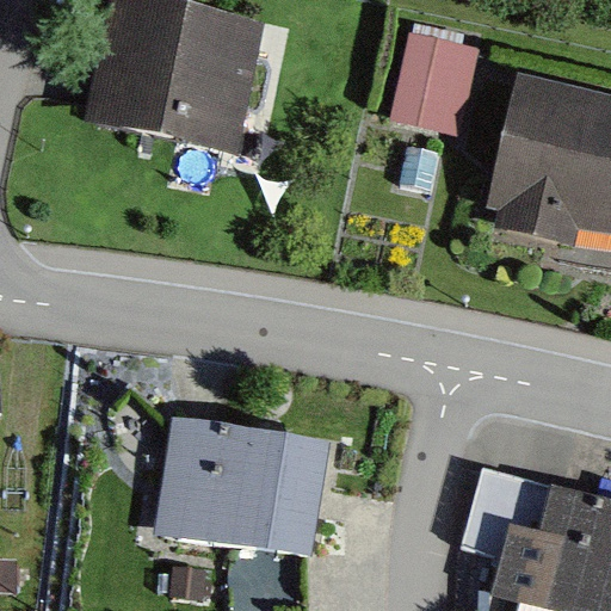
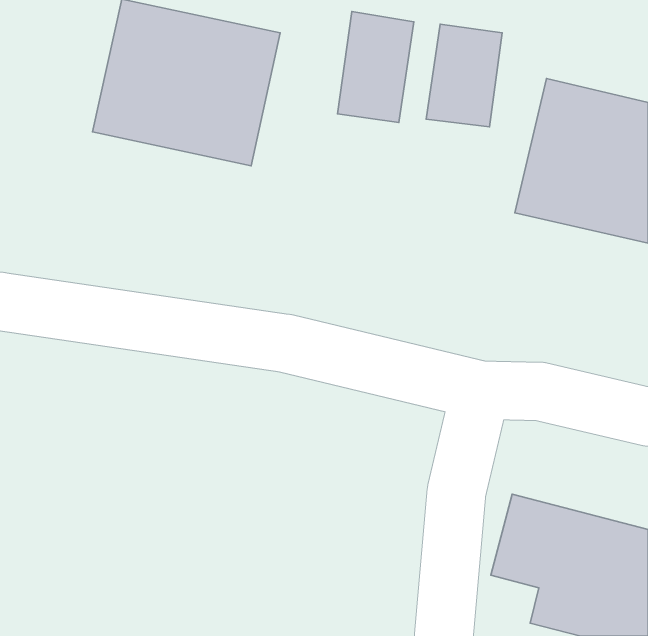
building: none -> [337,11,414,123]
building: [153,419,327,560] -> none

